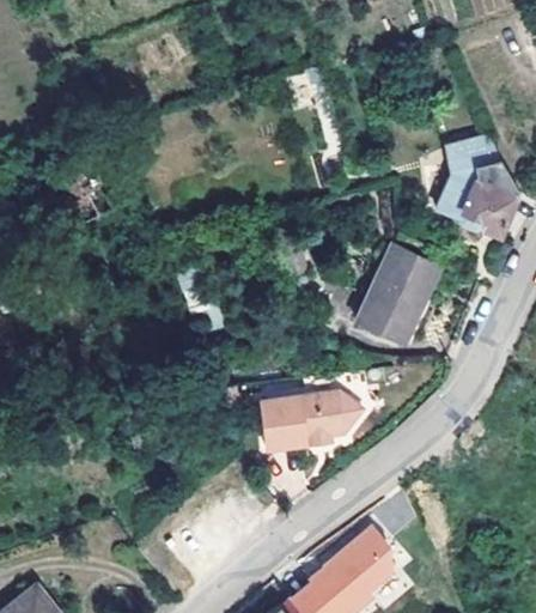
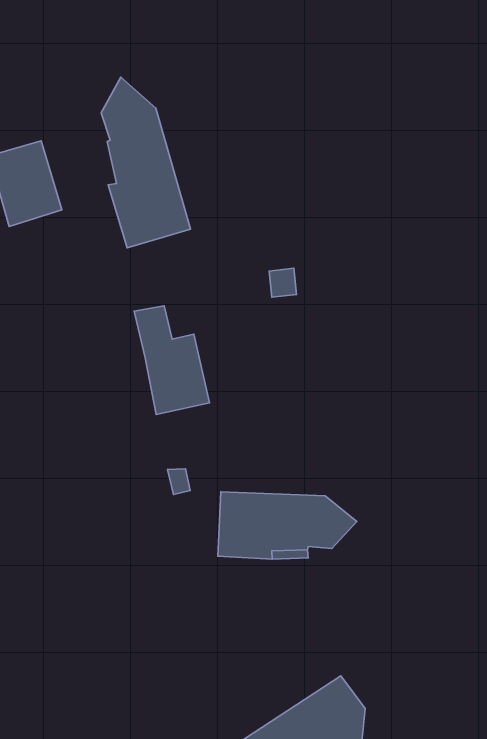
building: none -> [101,77,191,248]
building: [354,247,434,344] -> none

